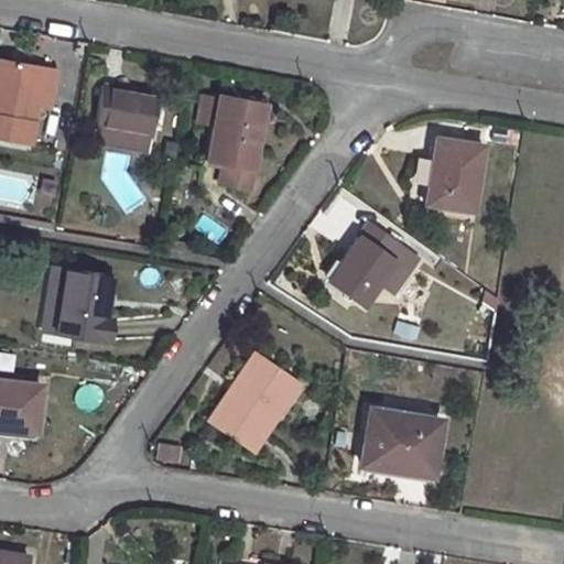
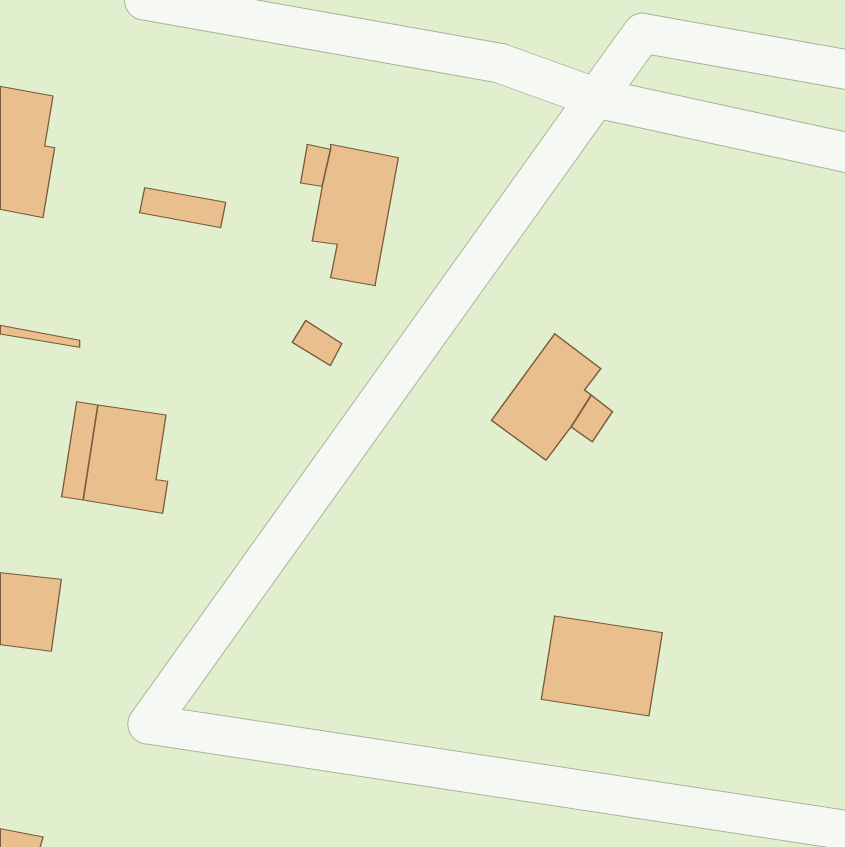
building: [98,85,160,135] -> none
building: [425,139,485,212] -> none
building: [207,359,301,448] -> none

